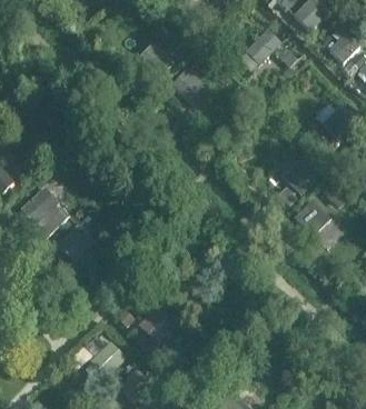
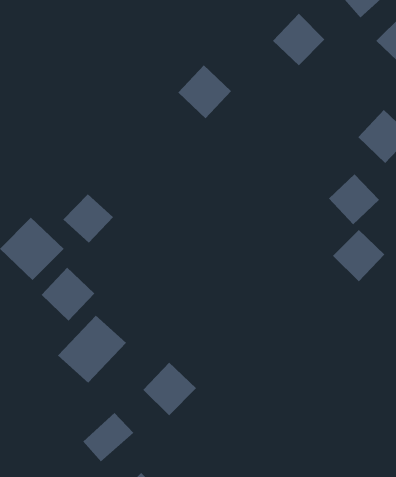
building: none -> [63,193,114,243]
building: none -> [57,315,127,383]

